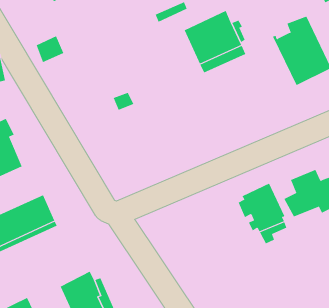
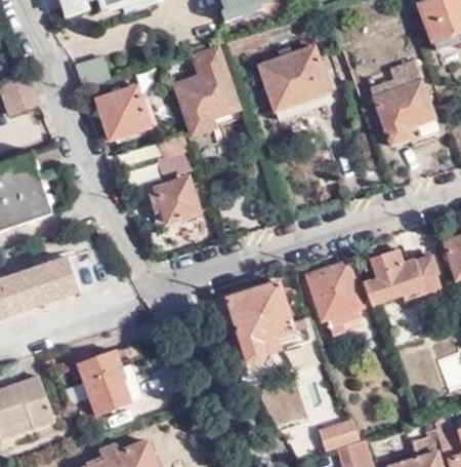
building: none -> [178,49,238,138]
building: none -> [98,86,151,138]
building: none -> [153,179,201,227]
building: none -> [227,283,310,360]

